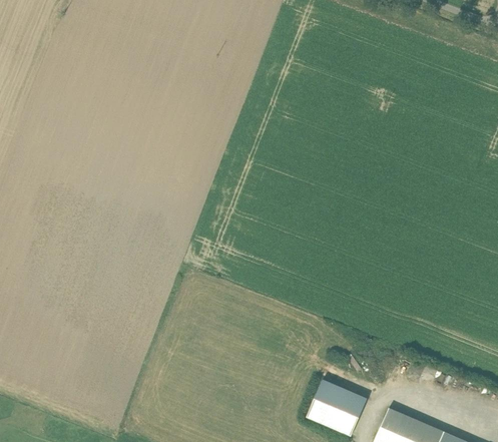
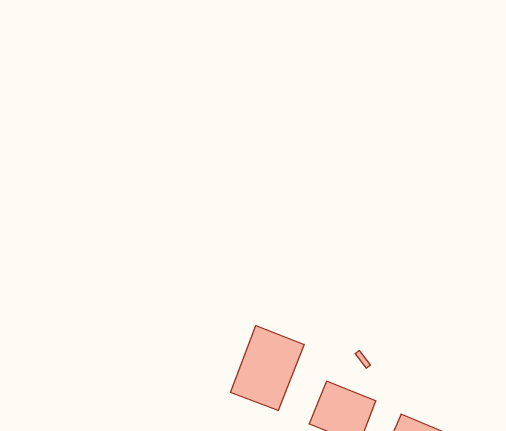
building: none -> [231,326,304,411]

